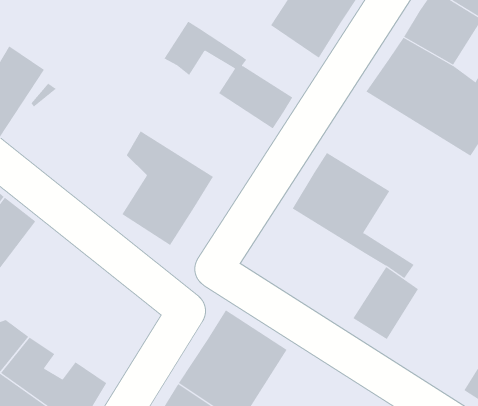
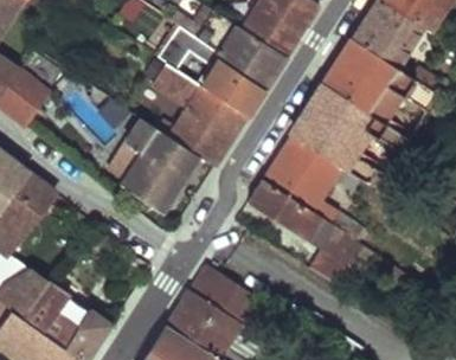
building: none -> [186,26,284,89]
building: none -> [121,63,246,165]
building: none -> [290,84,409,184]
building: none -> [249,180,321,238]

